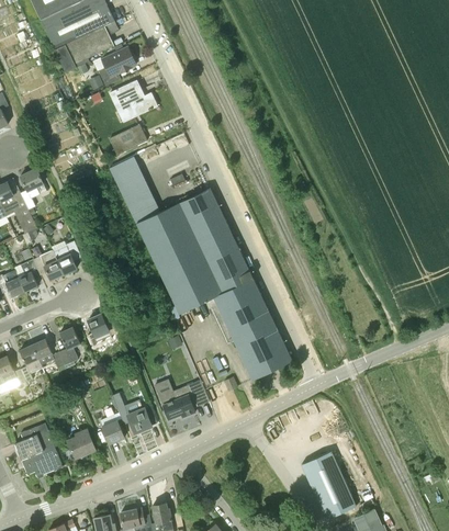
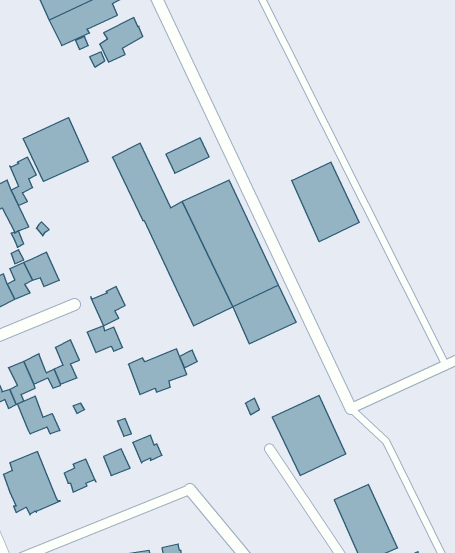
building: [109,81,157,115] -> none
building: [109,124,146,155] -> [166,138,209,173]
building: none -> [23,118,88,181]
building: none -> [292,162,359,242]
building: [52,240,81,274] -> [91,287,125,326]
building: [227,310,291,380] -> [272,395,346,475]
building: none -> [17,396,60,434]
building: [158,380,209,419] -> [128,349,187,395]

